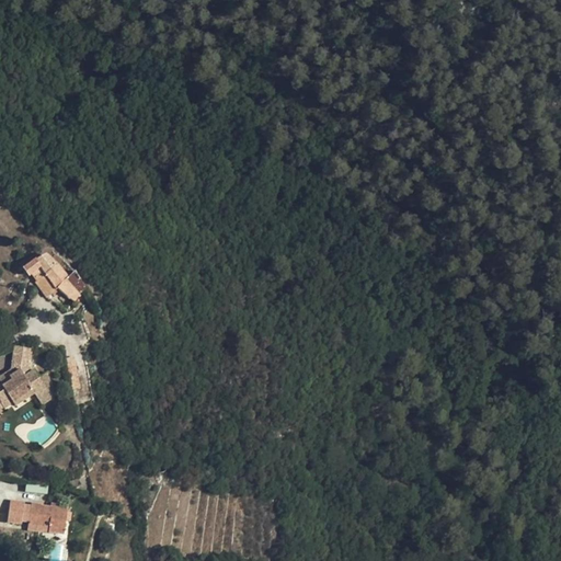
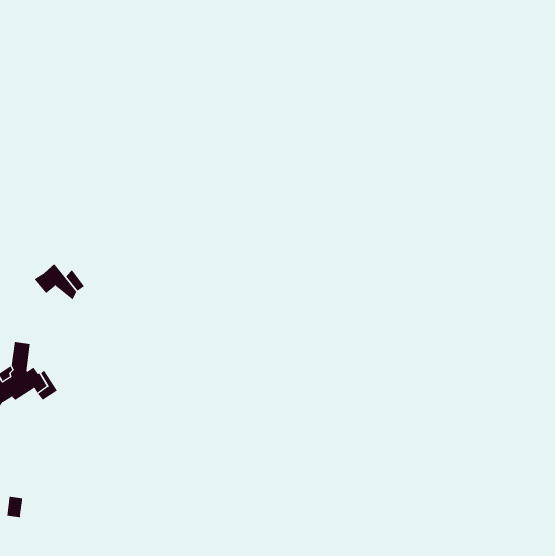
building: [23,255,55,280] -> none
building: [27,502,66,533] -> none

